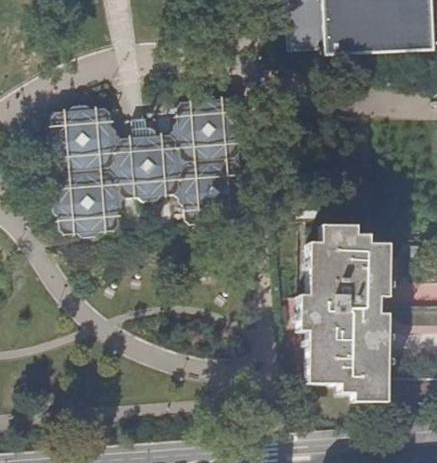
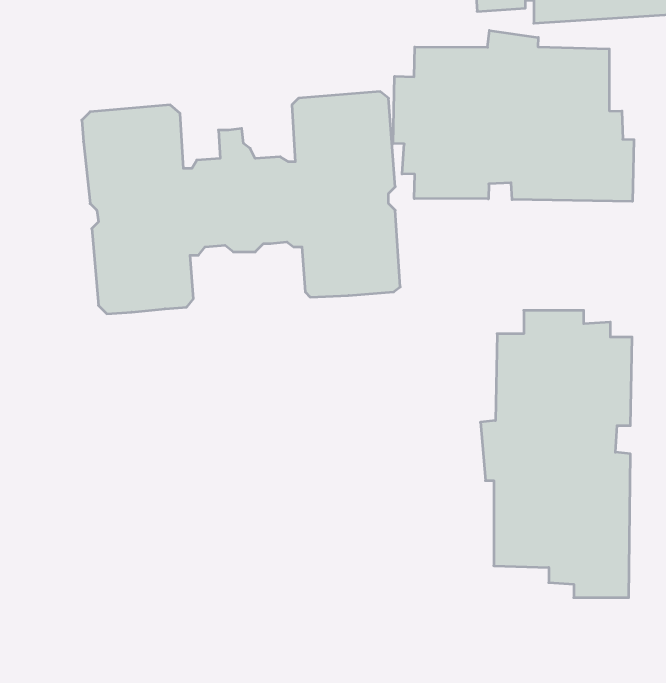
building: none -> [393,30,634,201]

